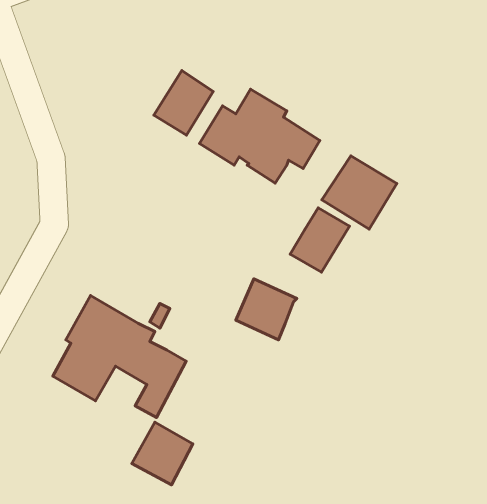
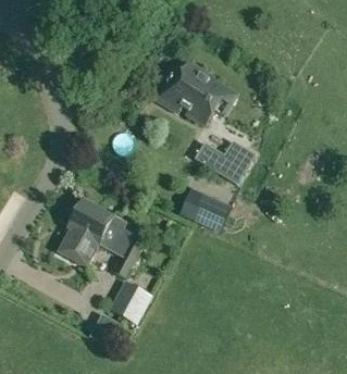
building: [154,71,213,135] -> none
building: [322,156,397,229] -> none

